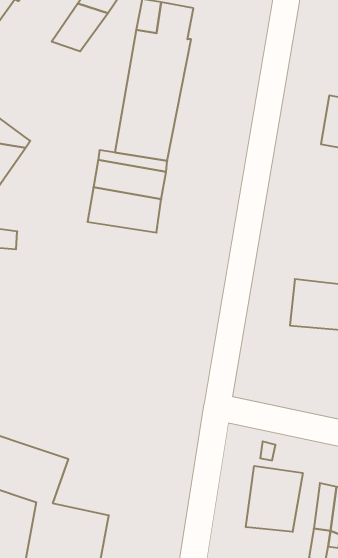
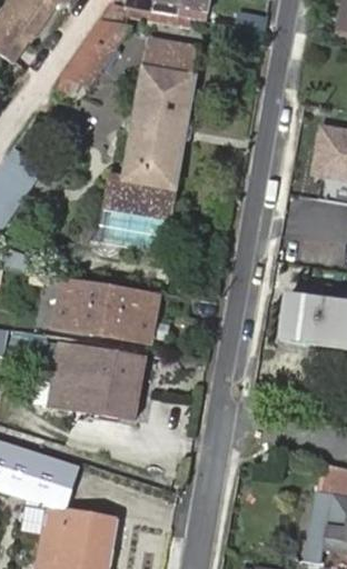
building: none -> [56,277,157,342]
building: none -> [38,340,146,418]
building: [246,466,303,532] -> none

